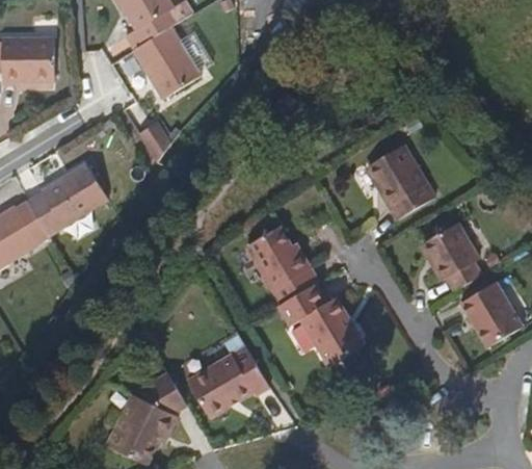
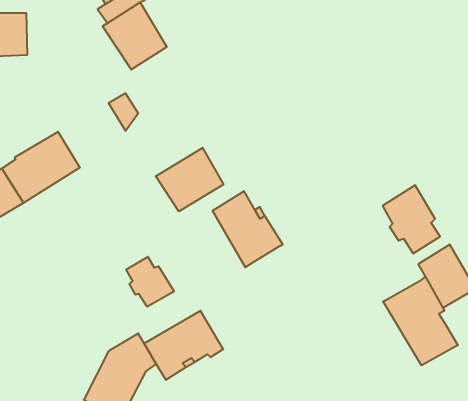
building: [367,147,434,218] -> none
building: none -> [156,148,223,211]
building: [278,284,369,366] -> none
building: none -> [126,257,174,307]
building: none -> [383,277,458,365]

